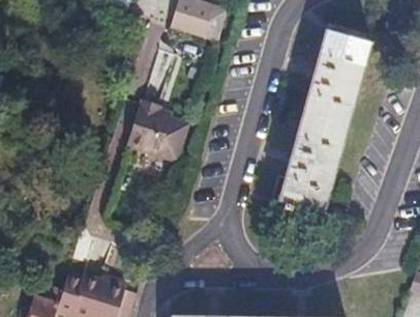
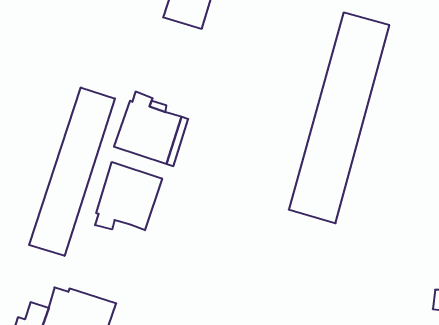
building: none -> [29,87,115,256]
building: none -> [95,162,162,230]

